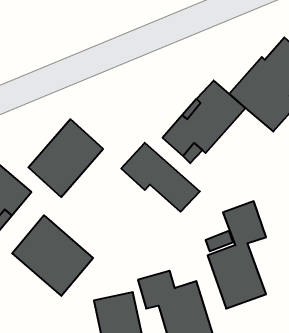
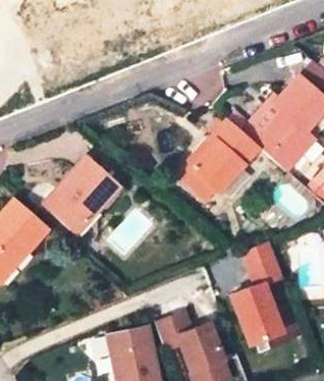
building: [121,143,200,212] -> none
building: [12,215,93,296] -> none

